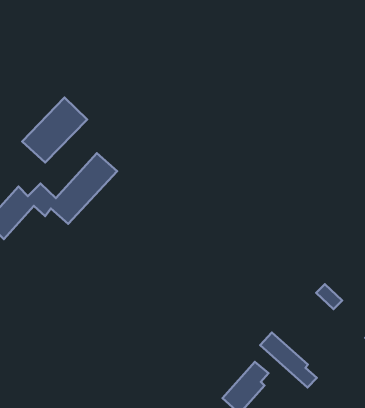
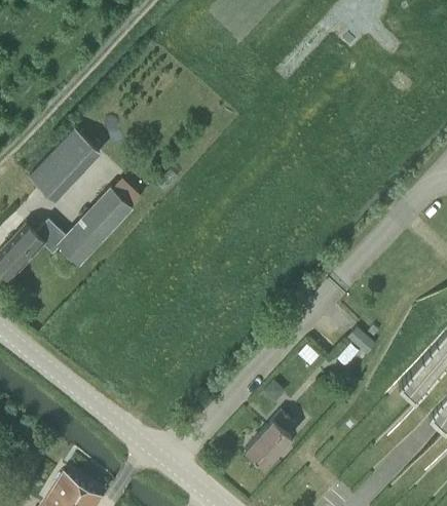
building: [260,332,317,388] -> none

